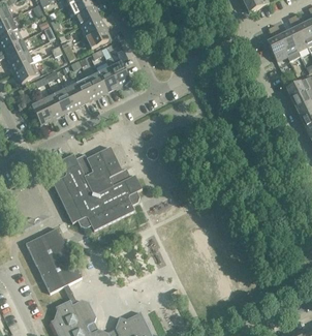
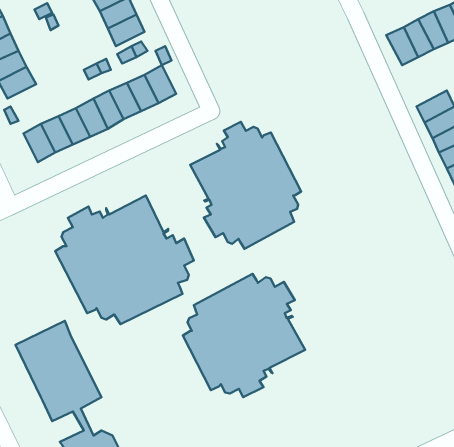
building: none -> [190,122,301,249]
building: none -> [183,274,305,397]

